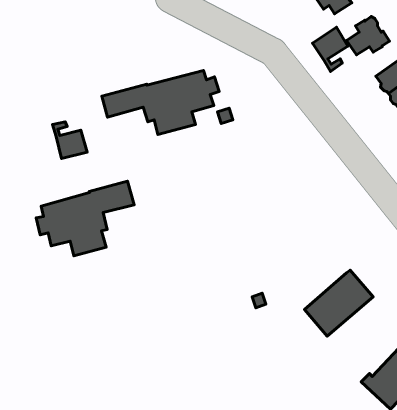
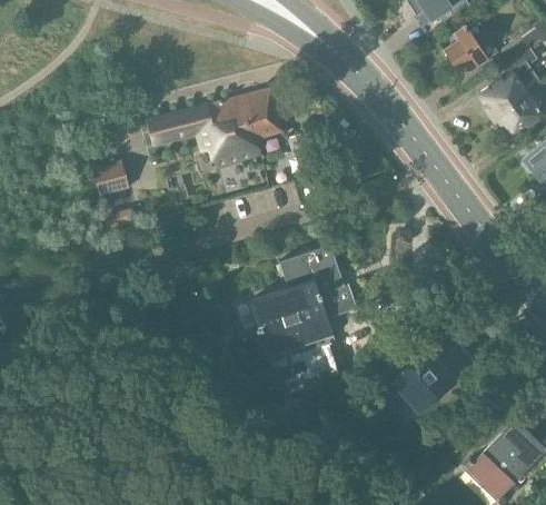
building: [313,27,348,71] -> none
building: [36,181,134,256] -> none
building: none -> [249,245,356,360]

